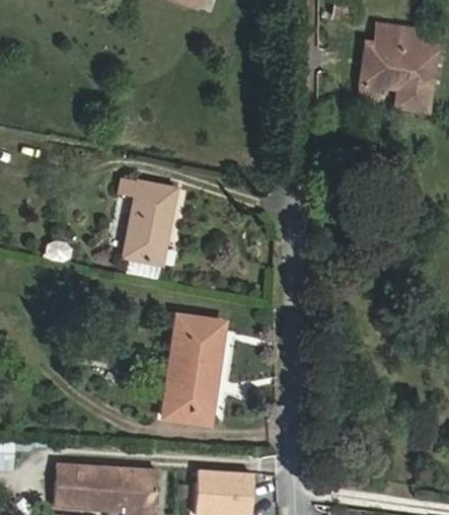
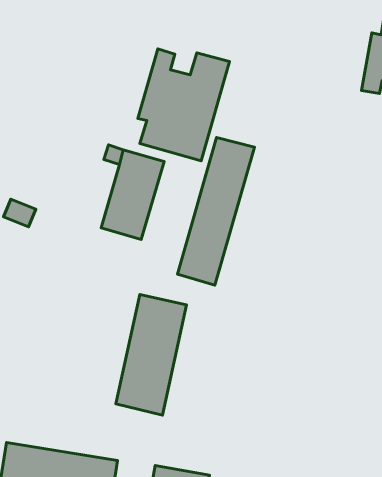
building: none -> [138,49,230,161]
building: none -> [177,138,254,285]

